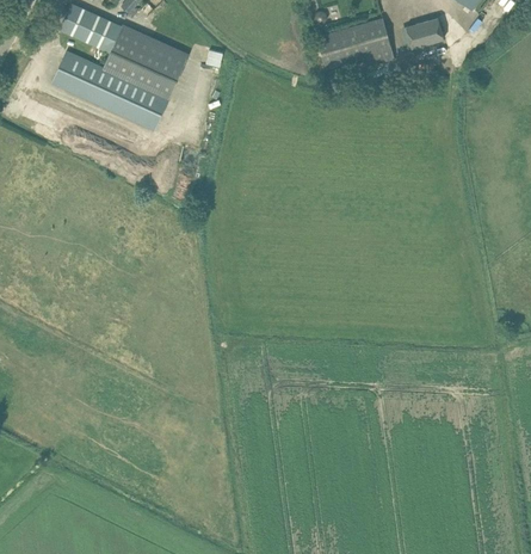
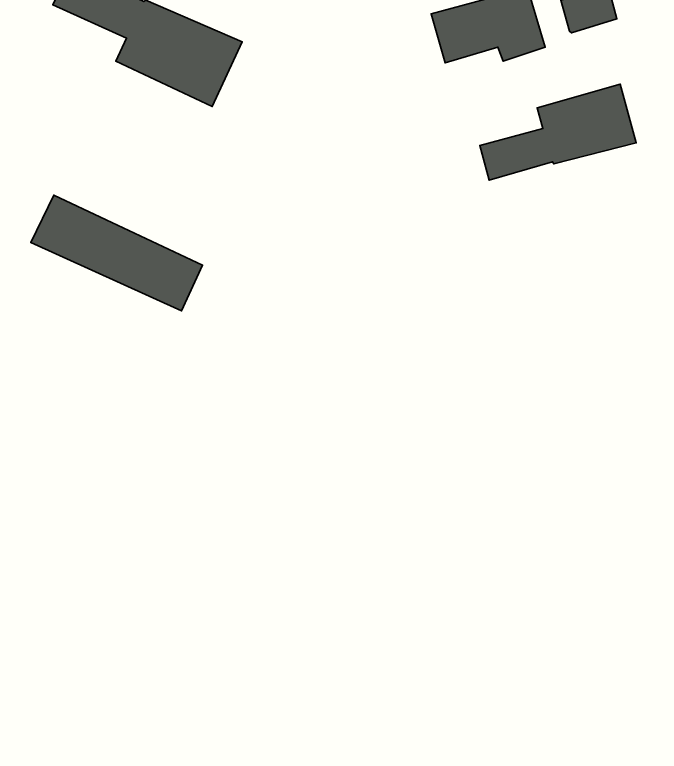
building: [51,51,168,130] -> [31,195,203,311]
building: none -> [480,84,636,180]

